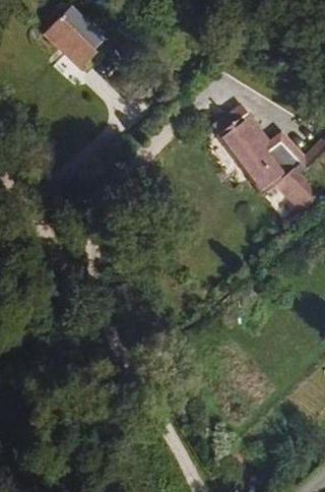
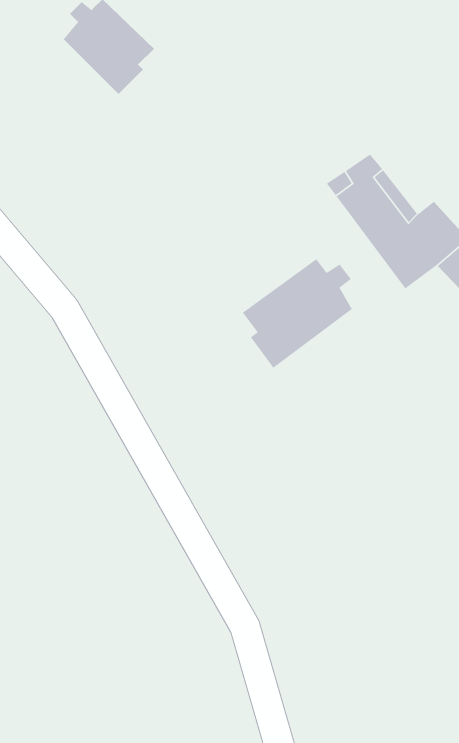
building: none -> [242,258,353,369]

